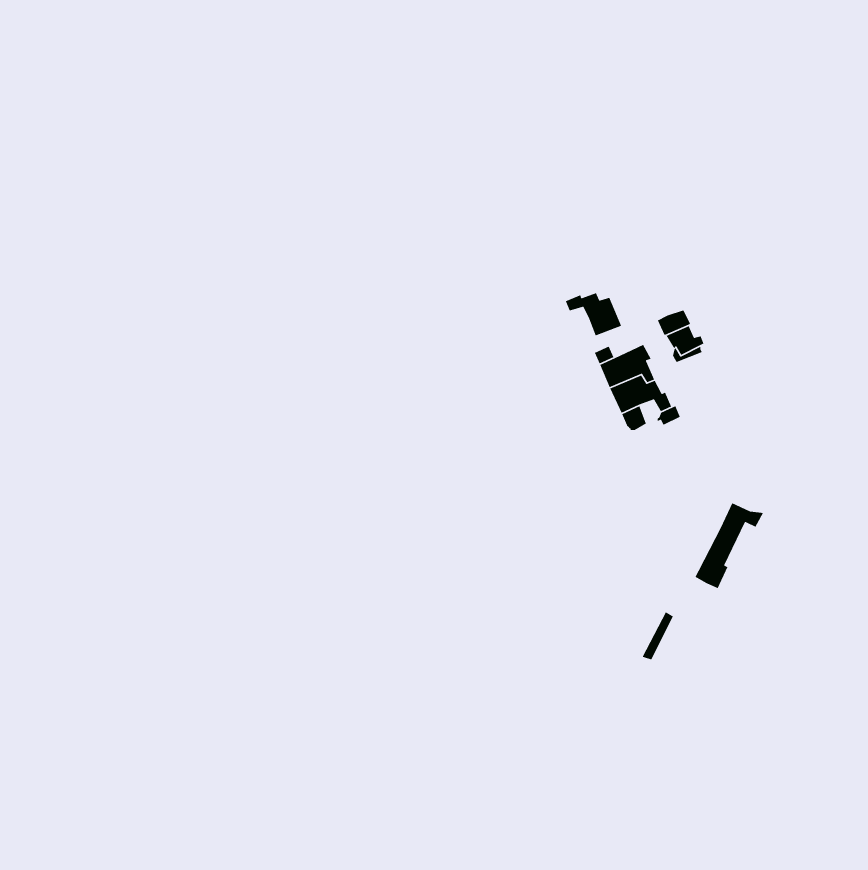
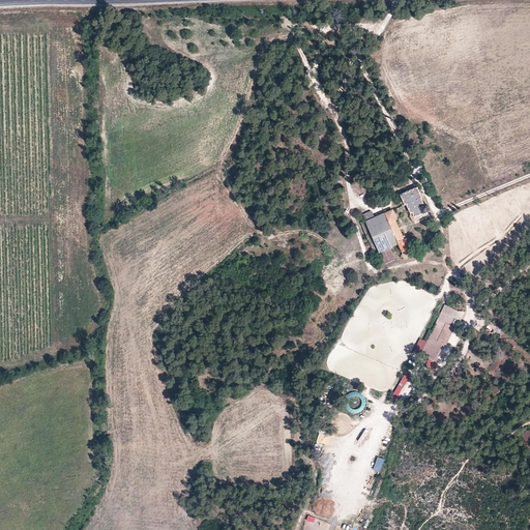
building: [565,292,622,337] -> none

